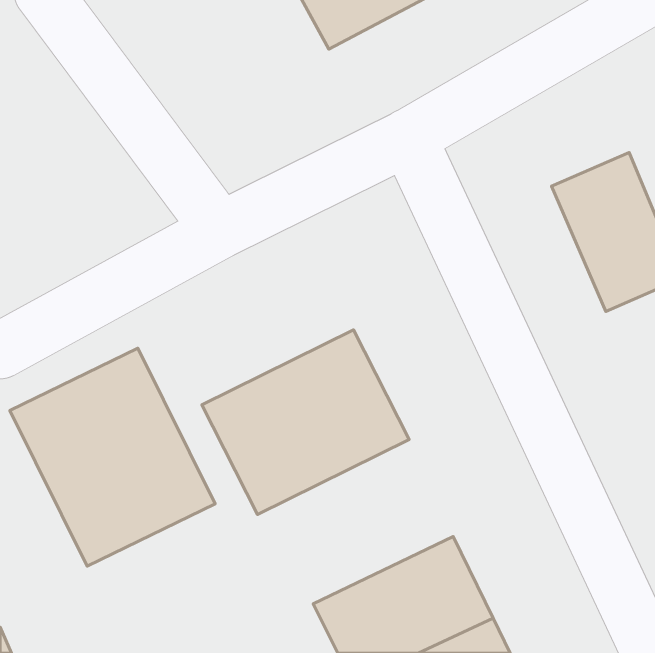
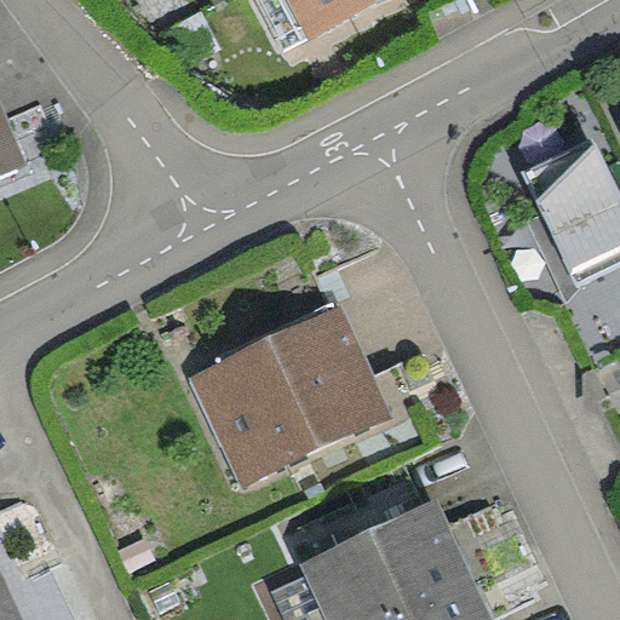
building: [10,348,215,566] -> none

